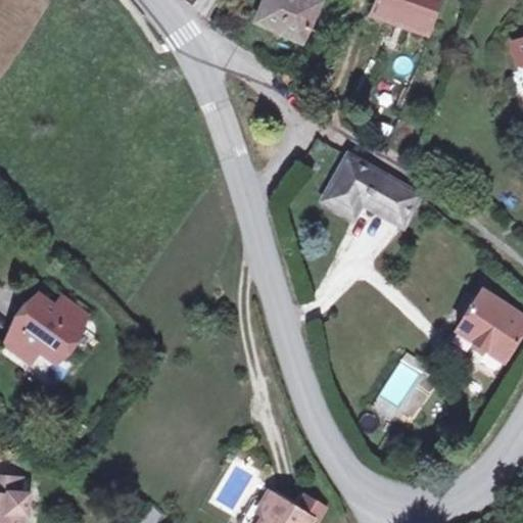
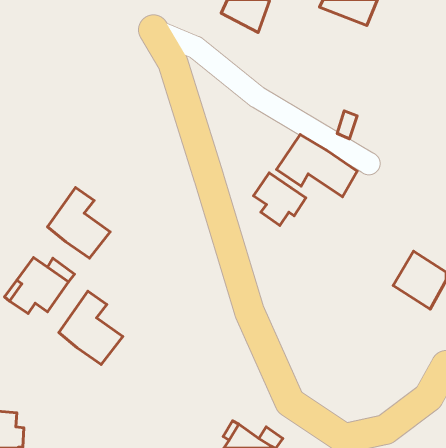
building: none -> [254,173,306,226]
building: none -> [48,187,110,258]
building: none -> [59,291,123,364]

